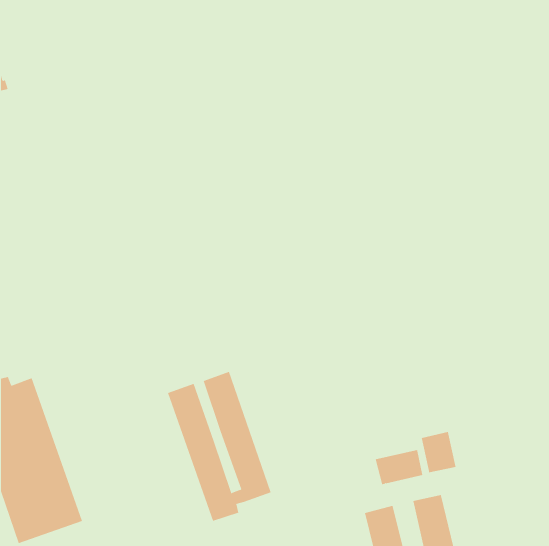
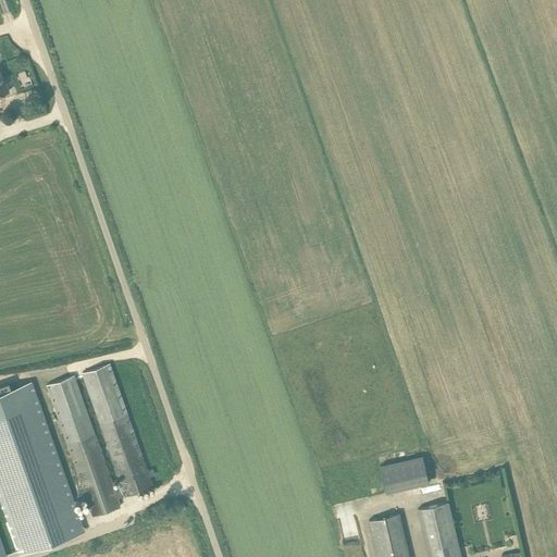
building: [167,371,271,521] -> [47,364,152,517]
building: [421,431,456,473] -> none

